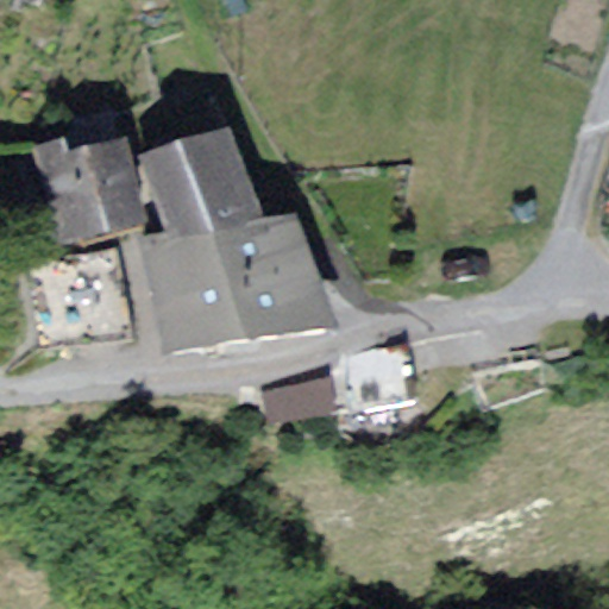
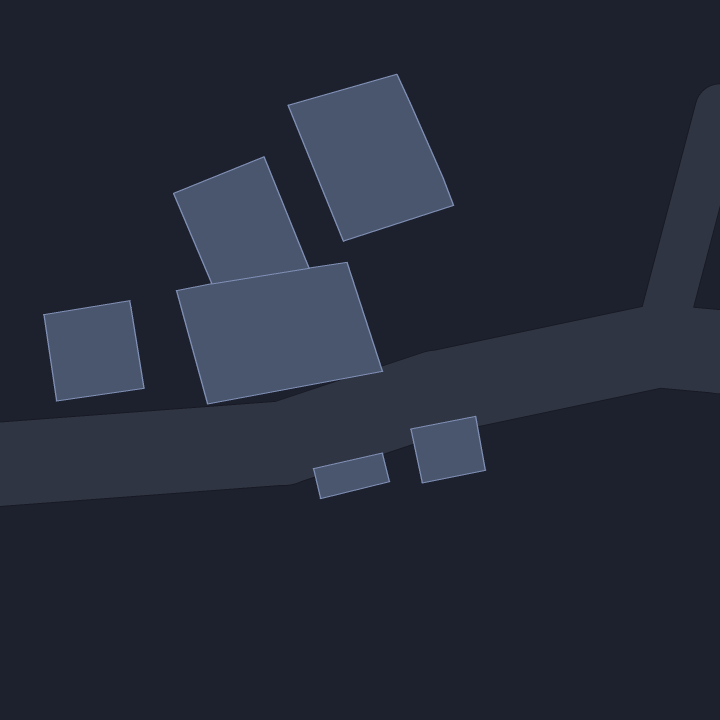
building: none -> [288,74,454,241]
building: [40,142,138,234] -> none

